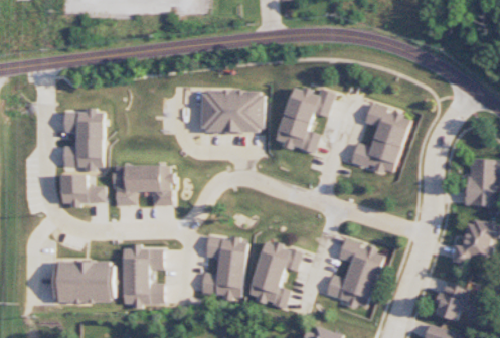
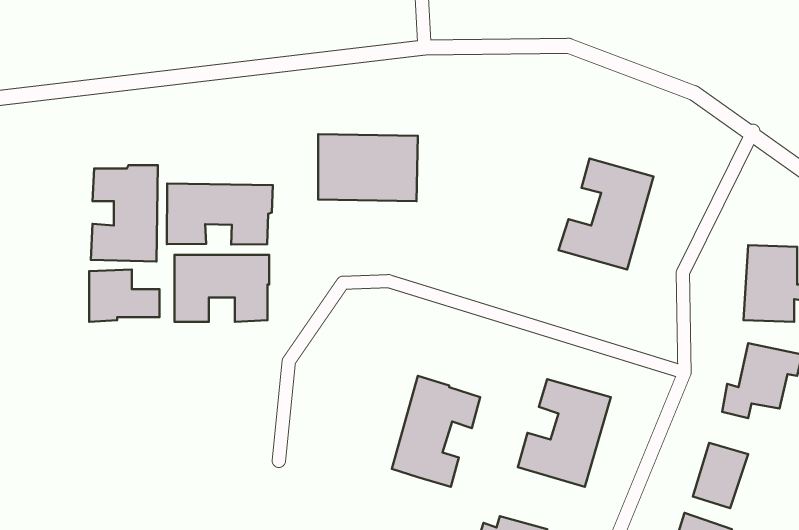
building: [277,88,334,153] -> none
building: none -> [167,183,273,245]
building: [197,236,246,301] -> none
building: [120,246,161,309] -> none
building: [52,262,112,303] -> none

